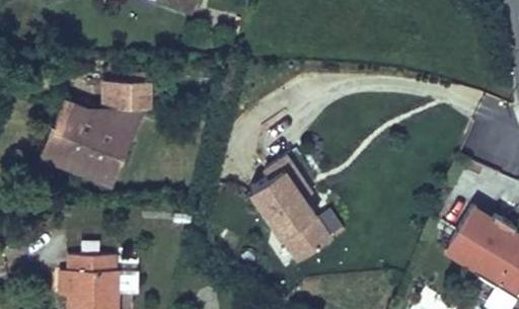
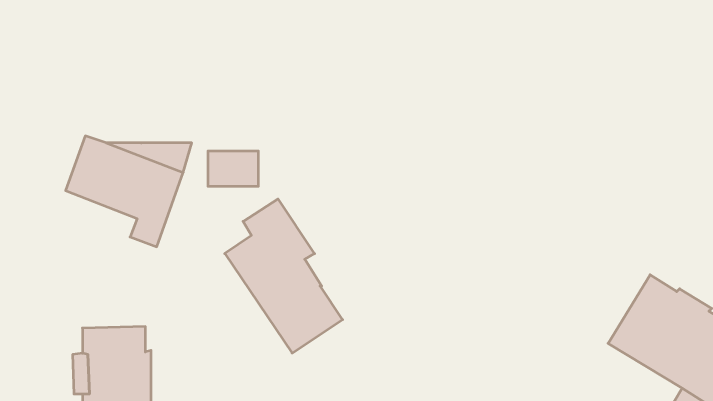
building: [104,90,141,115] -> [208,151,258,186]
building: [252,159,338,271] -> [225,199,343,353]

